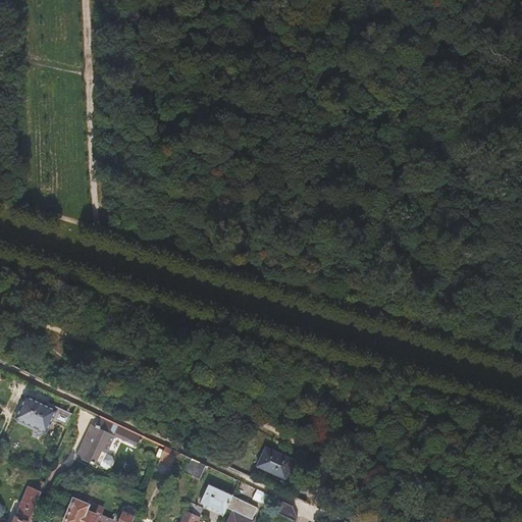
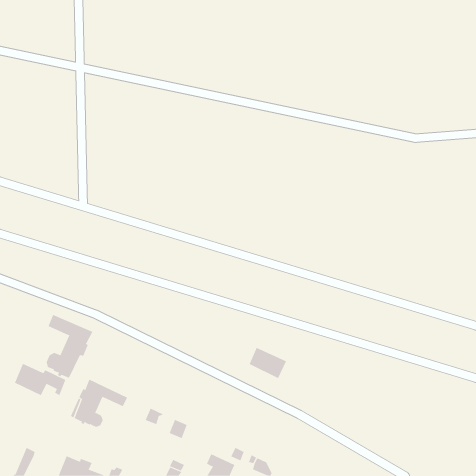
building: none -> [46,314,93,379]
building: [250,448,292,482] -> [249,347,287,379]
building: [199,484,230,513] -> none

